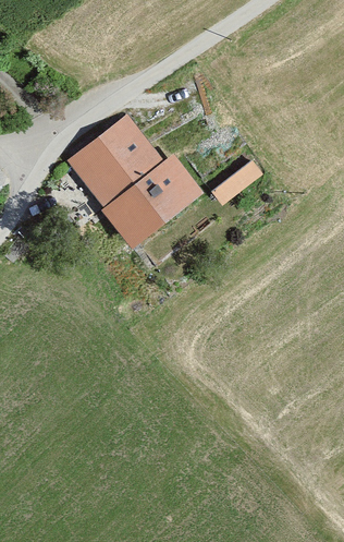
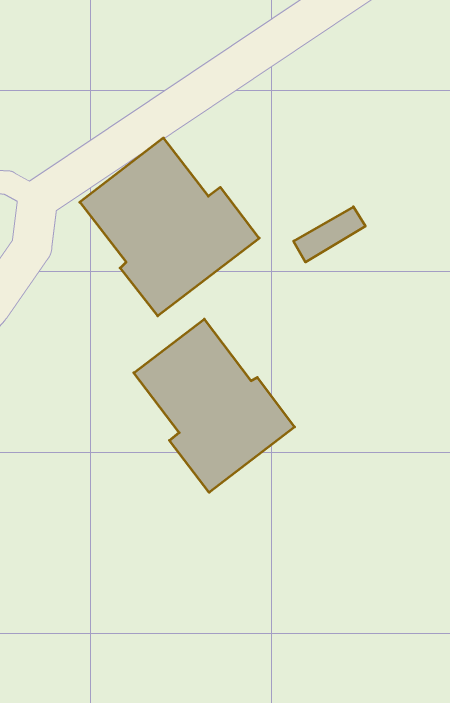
building: none -> [134,319,295,492]

